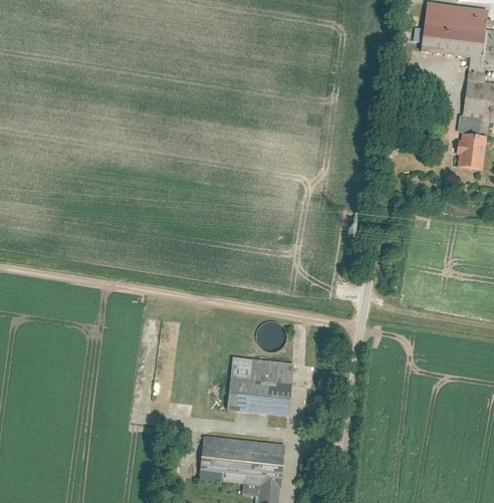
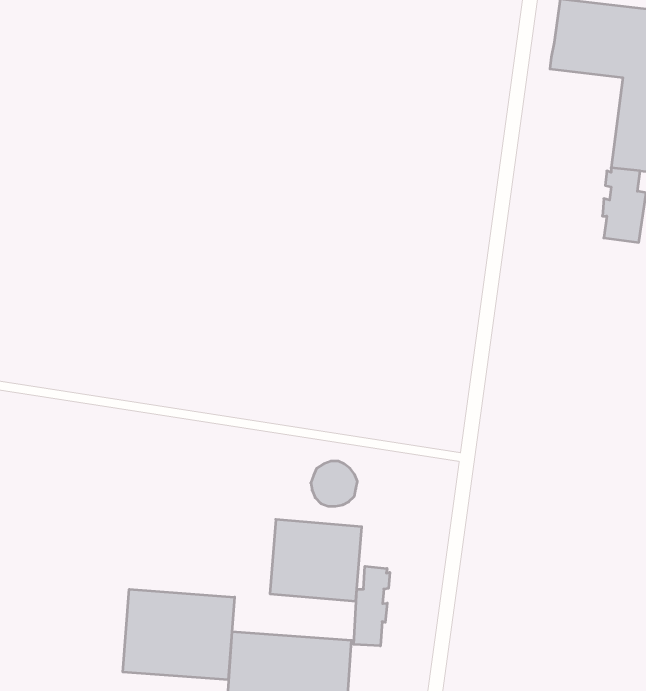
building: none -> [354,566,390,646]
building: none -> [123,589,235,680]

